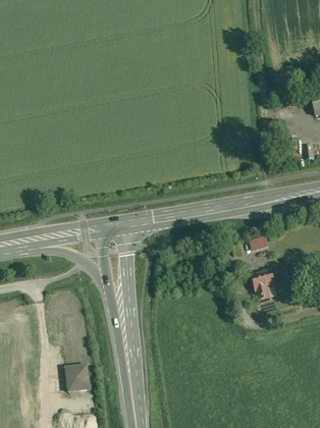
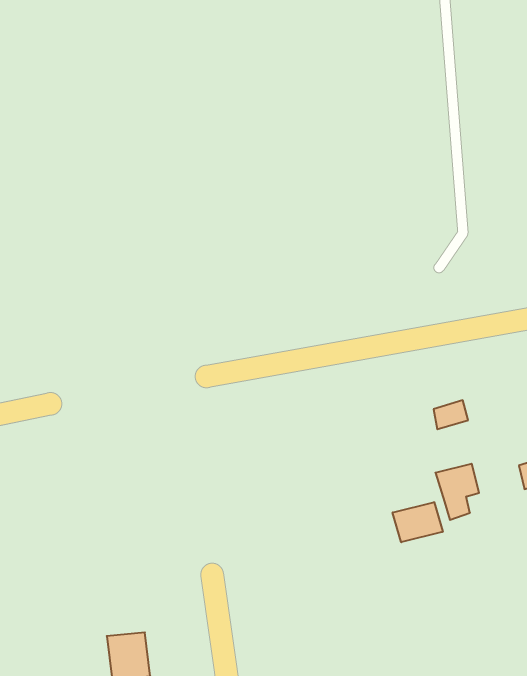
building: none -> [393,502,443,542]

